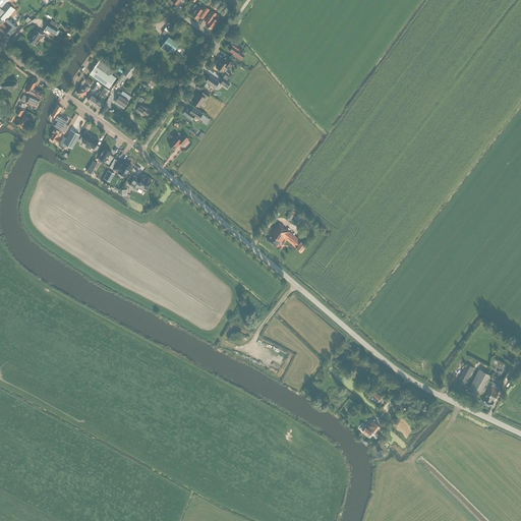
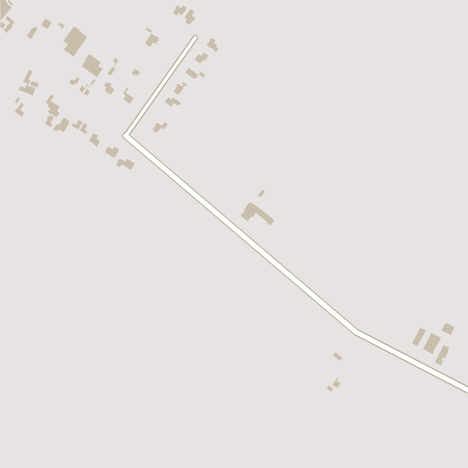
building: none -> [63,26,88,57]

